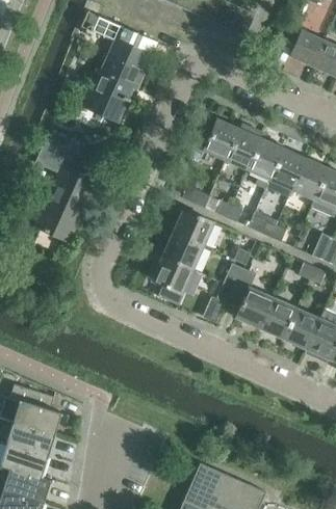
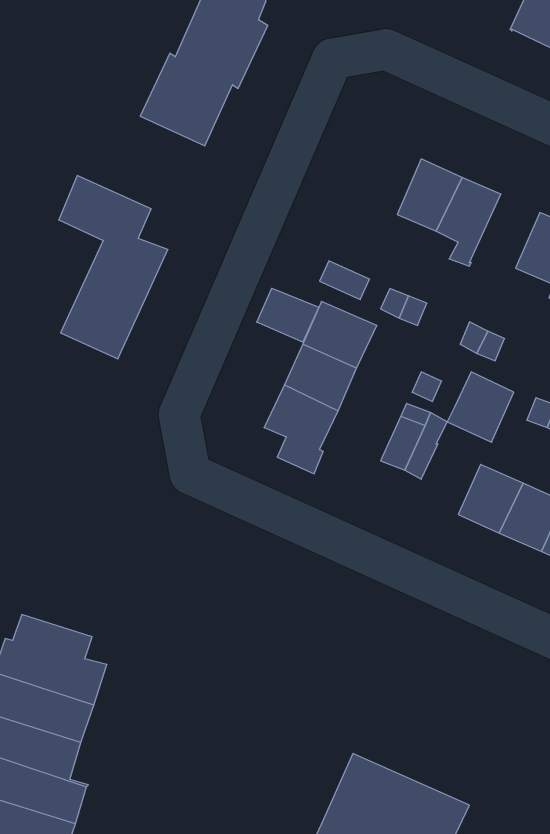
building: [191,118,240,160] -> none
building: [267,149,307,197] -> none
building: none -> [257,288,319,342]
building: [236,289,274,328] -> [447,372,514,442]

